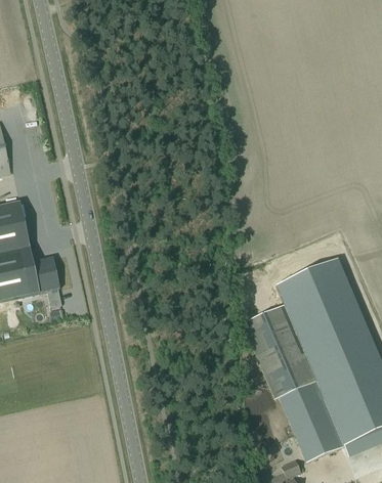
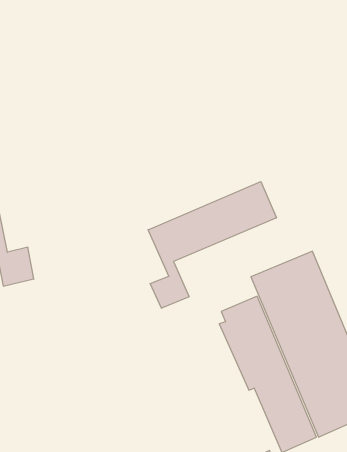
building: none -> [148,182,276,308]

